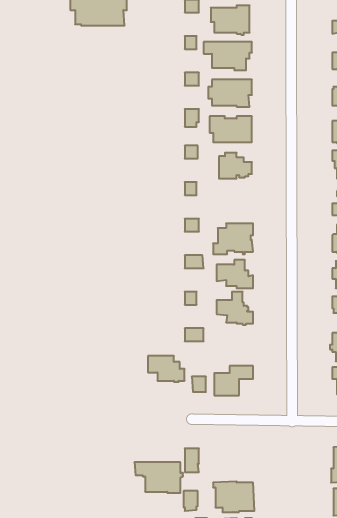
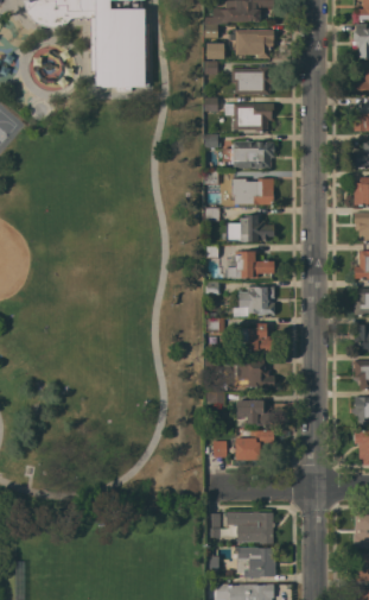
building: none -> [225,251,274,278]
building: [148,356,185,382] -> [237,400,274,427]
building: [134,462,183,493] -> [227,512,275,543]

